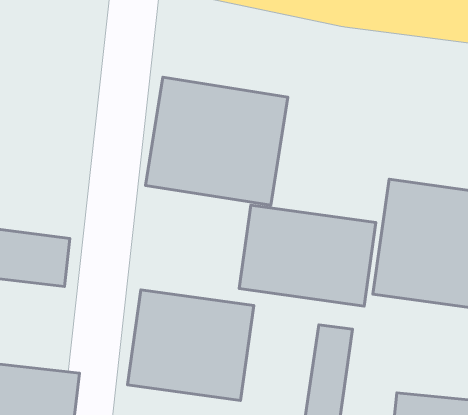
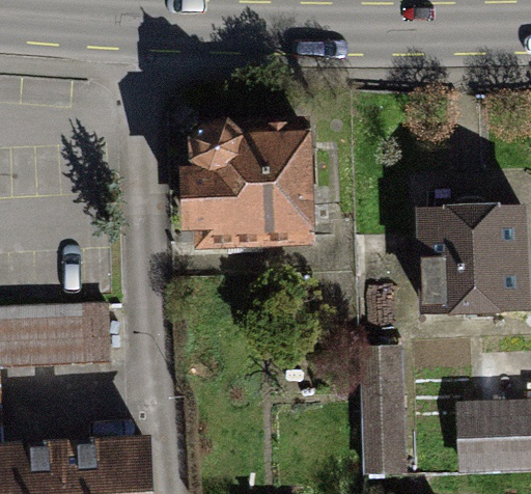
building: [239,205,376,306] -> none
building: [128,290,254,401] -> none

